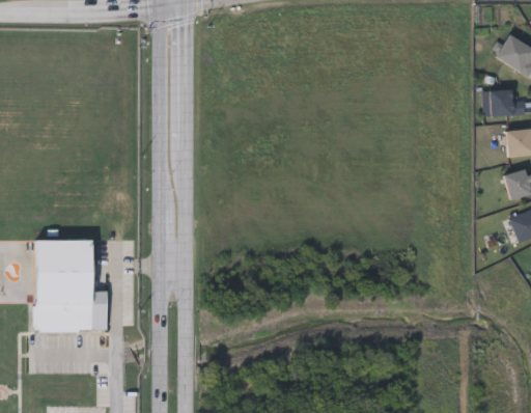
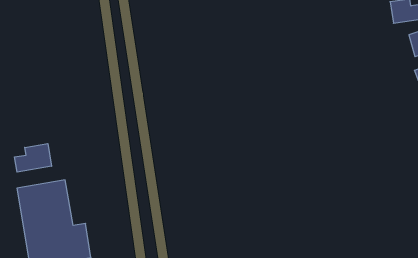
building: none -> [15,144,52,172]

